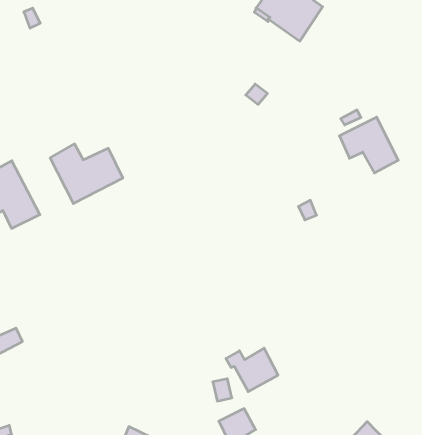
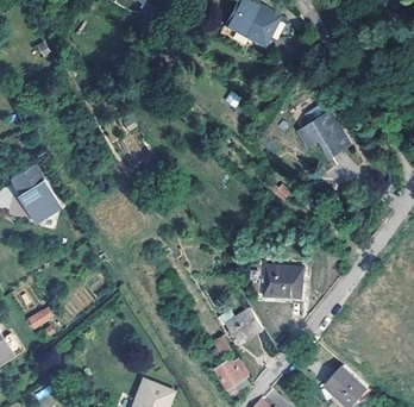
building: [50,144,123,204] -> none
building: none -> [265,263,305,296]

